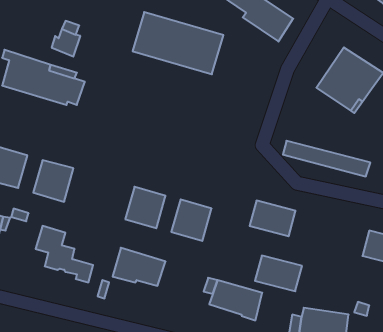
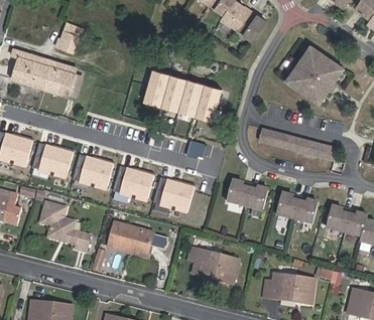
building: [133,12,223,74] -> [143,68,223,123]
building: none -> [78,155,113,191]
building: [255,256,302,291] -> [276,192,318,223]

